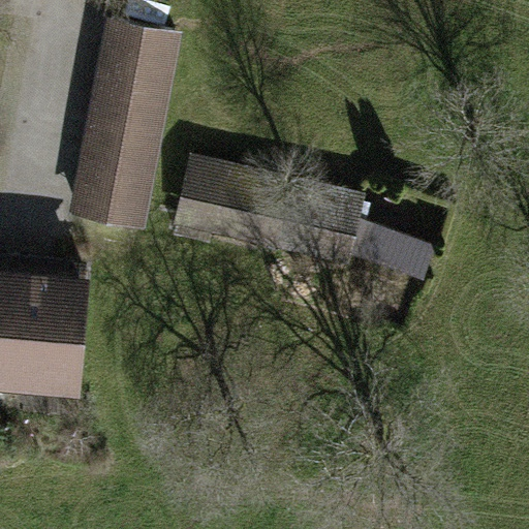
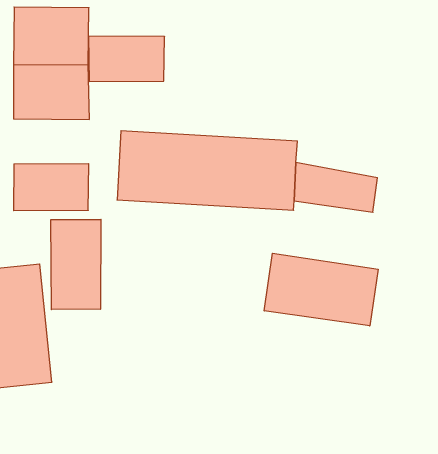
building: [80,127,161,184] -> [89,36,165,81]
building: none -> [51,219,101,310]
building: none -> [264,253,378,326]

